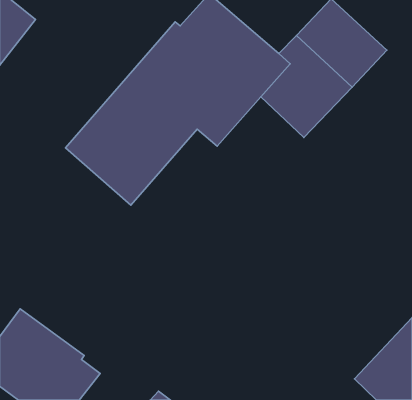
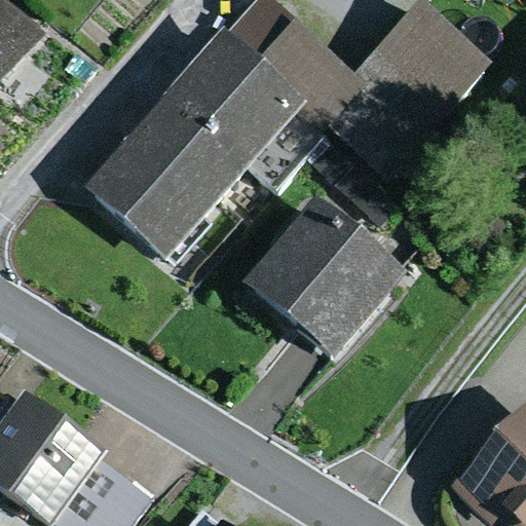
building: none -> [240,196,408,364]

